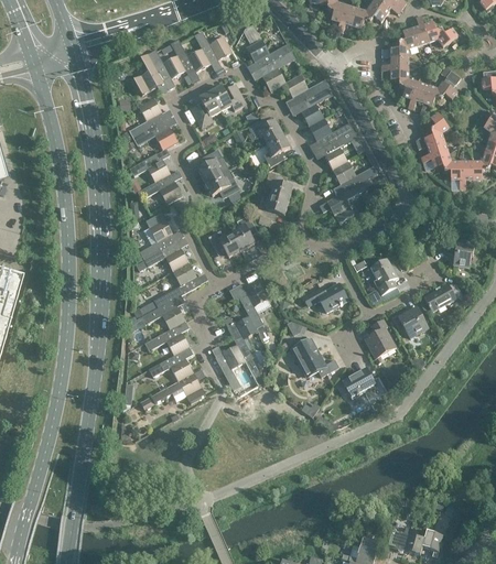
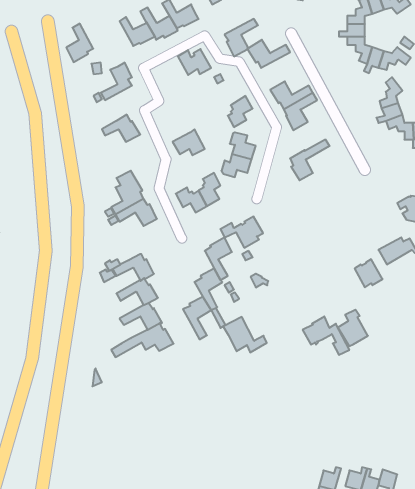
building: [246,39,290,67] -> none
building: [133,53,162,94] -> [66,24,93,62]
building: [298,86,333,126] -> none
building: [190,90,220,127] -> none
building: [247,118,281,142] -> none
building: [132,121,177,149] -> none
building: [196,148,227,181] -> none
building: [332,160,376,191] -> none
building: [137,174,182,203] -> none
building: [369,257,396,294] -> none
building: [153,262,197,306] -> none
building: [302,282,347,315] -> [220,217,263,248]
building: [363,318,395,357] -> [338,310,368,346]
building: [291,338,337,376] -> [223,317,267,352]

